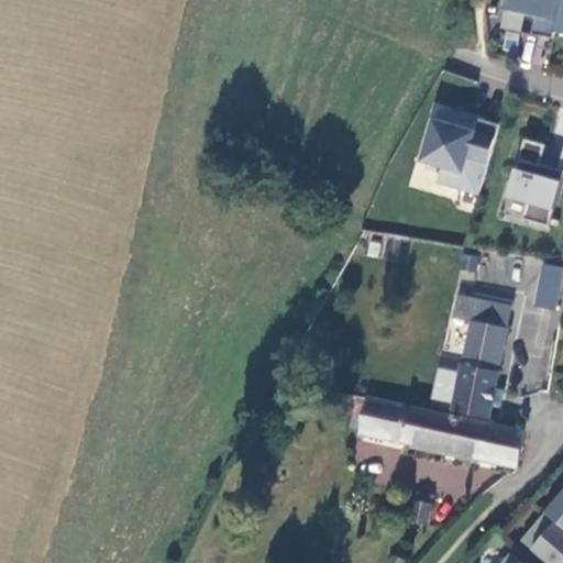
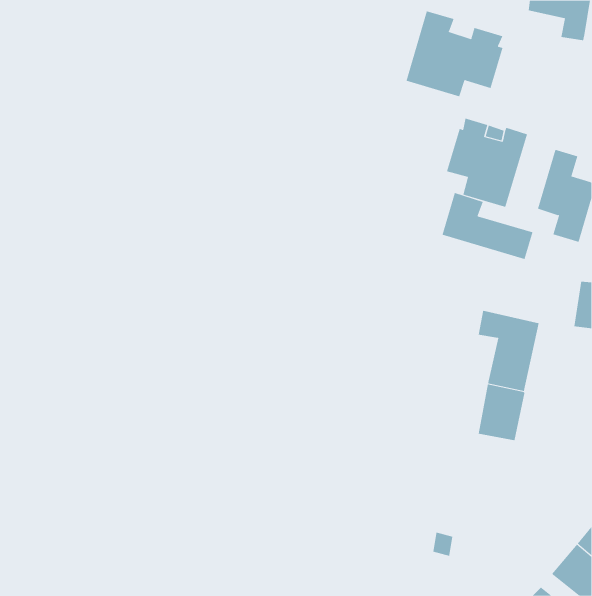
building: none -> [406,11,503,97]
building: none -> [442,192,533,260]
building: [356,396,522,468] -> none

